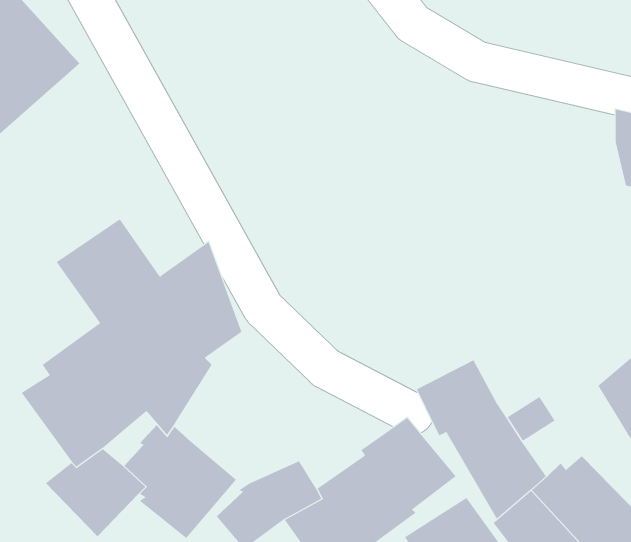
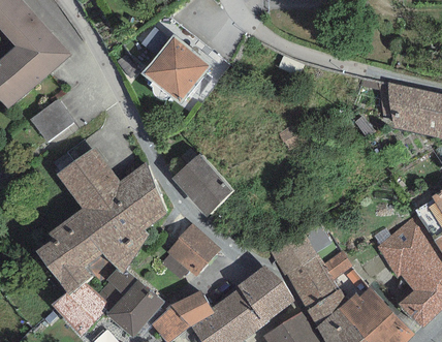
building: none -> [140,34,210,103]
building: none -> [30,99,72,141]
building: none -> [171,153,233,216]
building: none -> [162,224,220,278]

